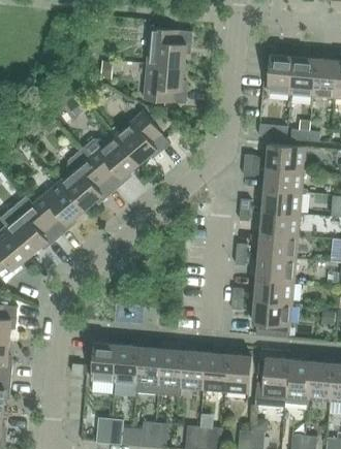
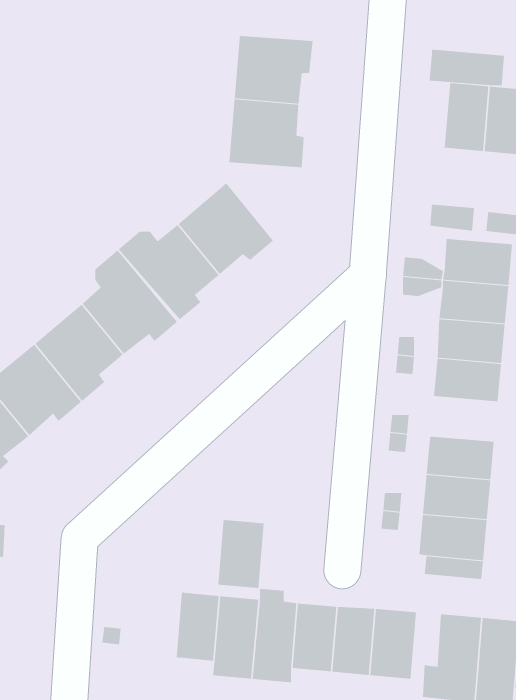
building: none -> [429,49,504,86]
building: [258,233,298,259] -> none
building: [90,343,117,382] -> [218,520,265,589]

